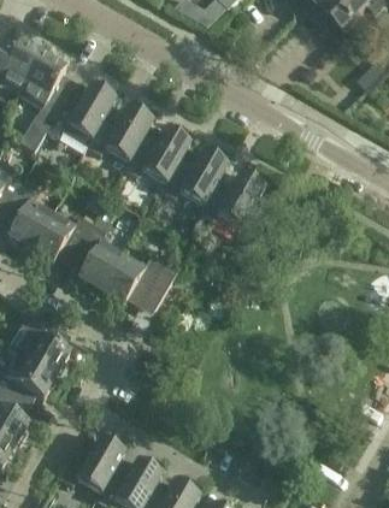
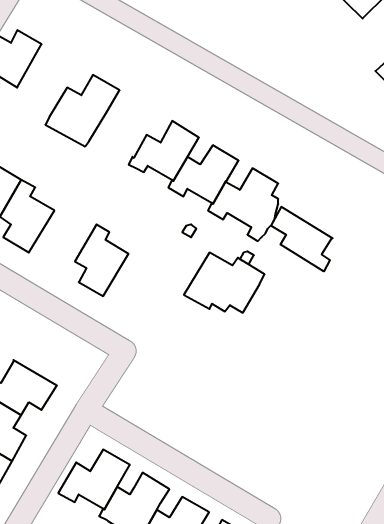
building: [19,53,71,122] -> none
building: [87,104,153,160] -> none
building: none -> [271,207,333,271]
building: [30,209,94,262] -> none
building: [100,250,176,307] -> [184,253,265,313]
building: [8,311,70,374] -> none

